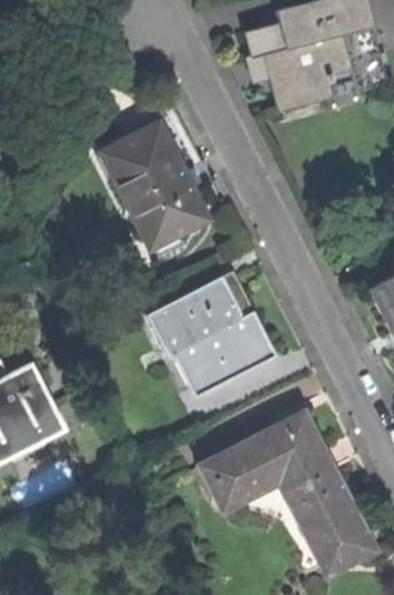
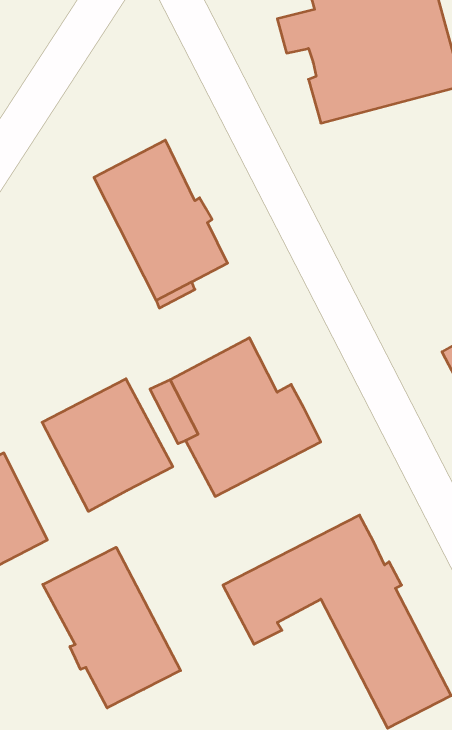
building: none -> [42,379,173,511]
building: none -> [43,547,181,708]

